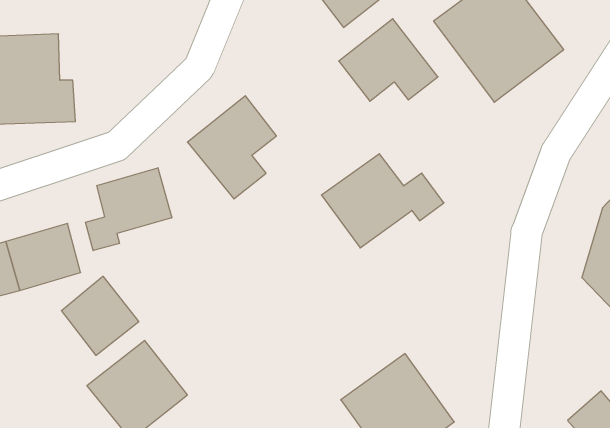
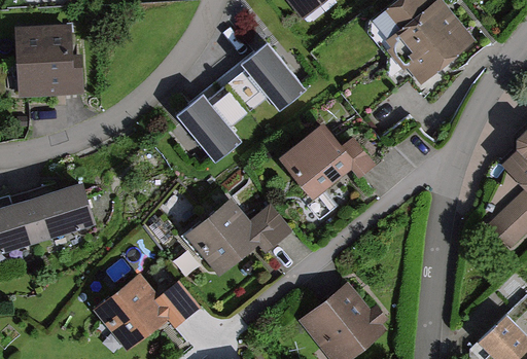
building: [339,19,438,101] -> [221,43,301,109]
building: [86,168,172,251] -> none
building: none -> [184,199,291,279]
building: [61,276,139,355] -> none

